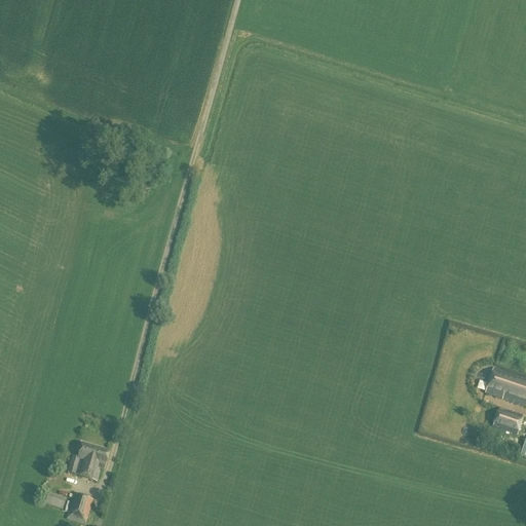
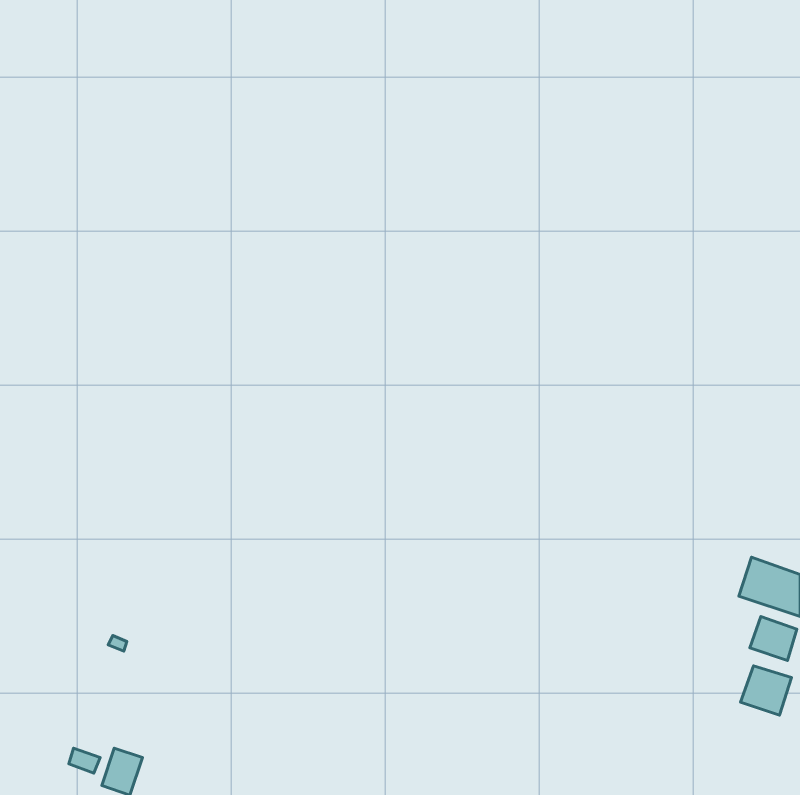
building: none -> [740,666,791,715]
building: [67,442,109,479] -> none

